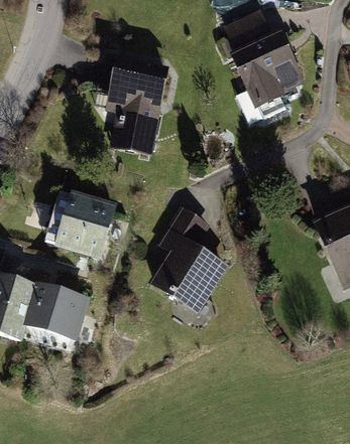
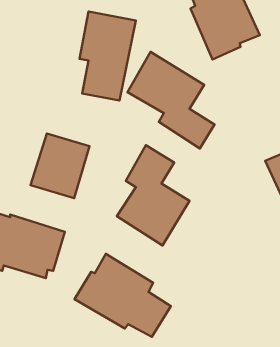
building: none -> [128,52,215,149]
building: none -> [74,254,171,337]

